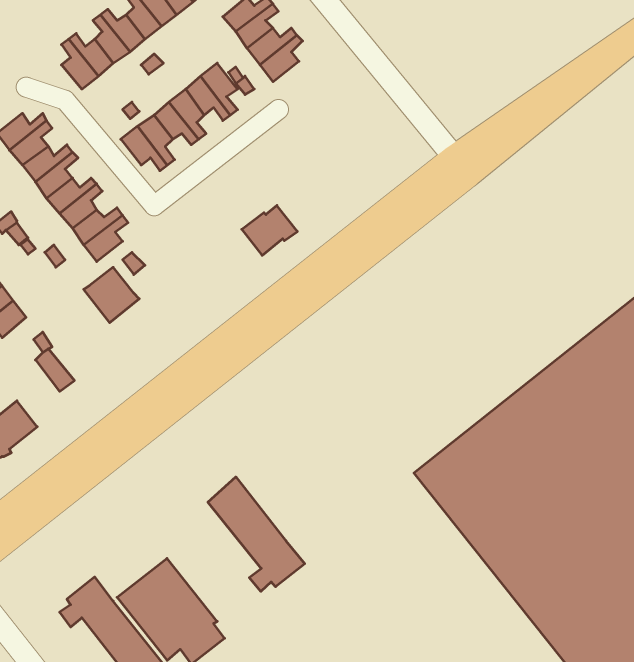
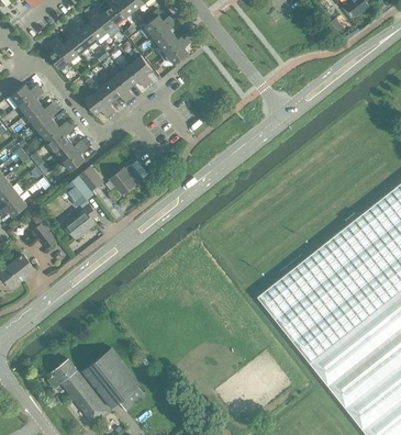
building: [242,205,297,255] -> [110,164,143,193]
building: none -> [64,202,97,237]
building: [208,477,305,591] -> none

